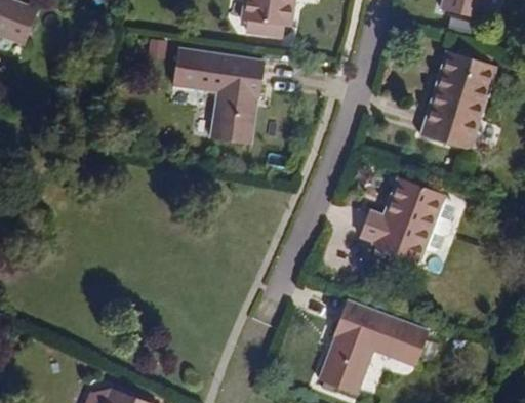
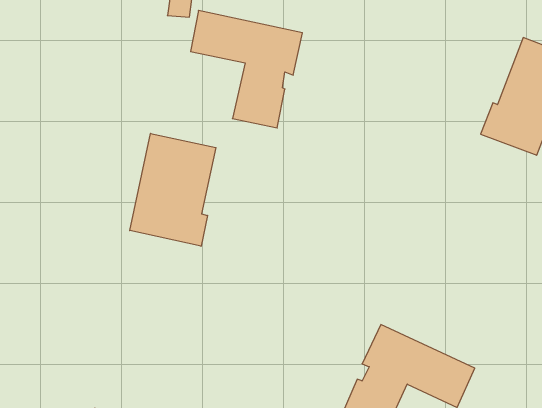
building: none -> [130,133,216,246]
building: [359,178,453,263] -> none

